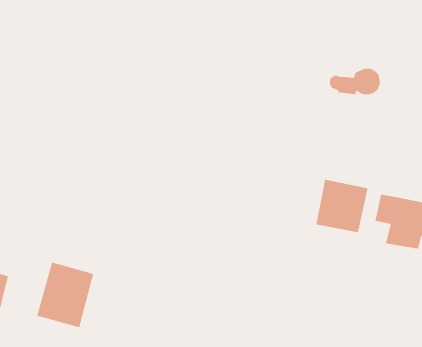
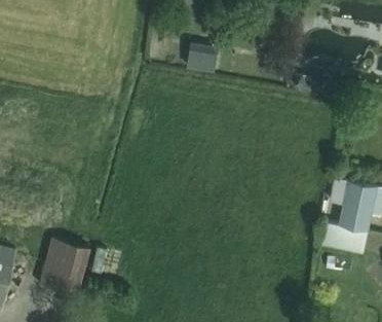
building: none -> [187,49,219,74]
building: [316,179,368,233] -> none

